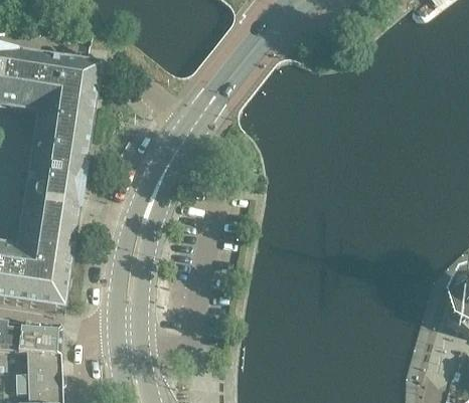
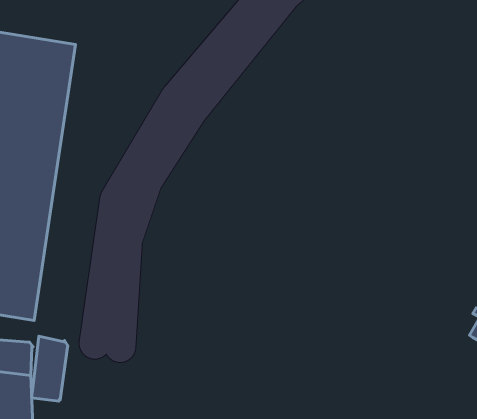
building: none -> [32,336,68,401]

